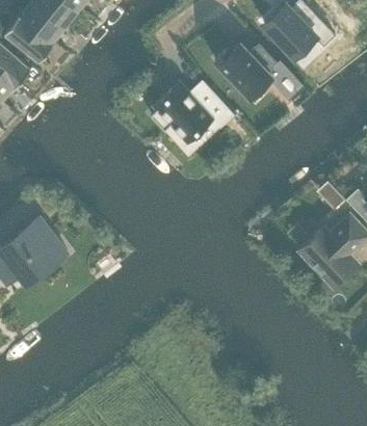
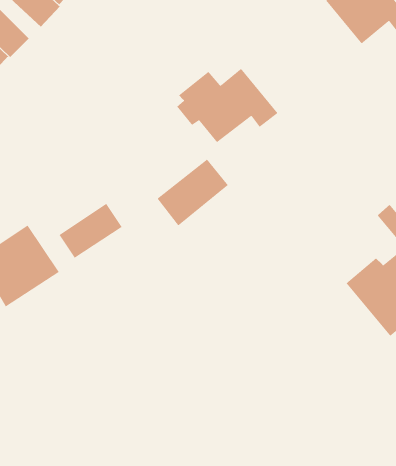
building: [214,43,278,99] -> none
building: none -> [156,158,229,227]
building: none -> [58,203,123,259]

